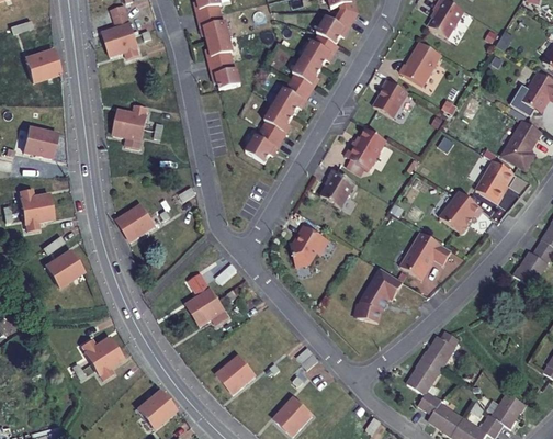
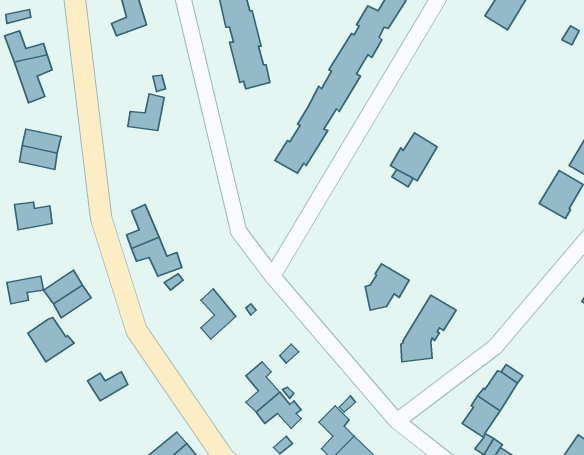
building: [106,33,143,68] -> none
building: [399,41,441,86] -> none
building: [373,79,408,117] -> none
building: [114,122,145,147] -> none
building: [320,169,356,206] -> none
building: [440,191,483,232] -> none
building: [21,206,53,230] -> [7,276,43,304]
building: [291,225,329,266] -> [365,264,409,310]
building: [400,232,451,279] -> none
building: [189,288,225,317] -> none
building: none -> [28,317,74,362]
building: [92,347,124,389] -> none

